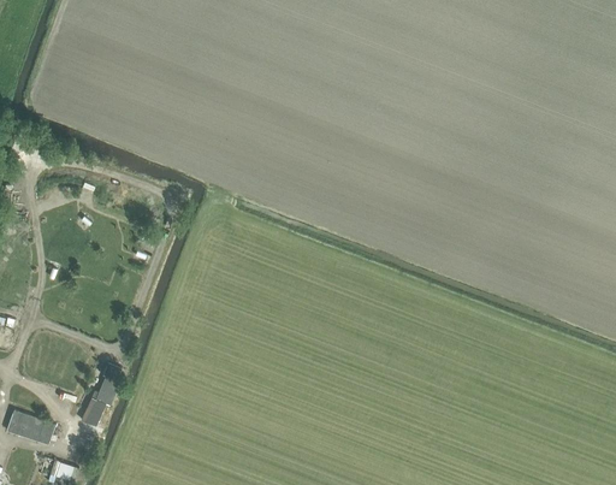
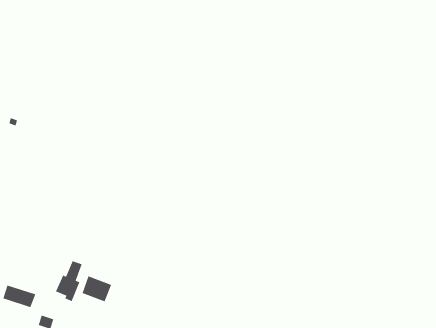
building: none -> [82,275,112,302]

